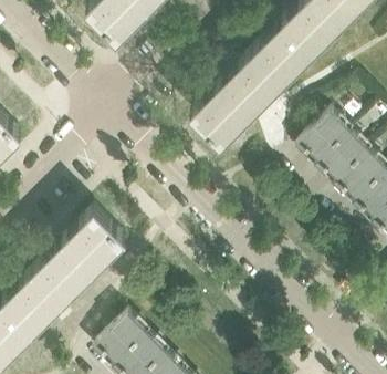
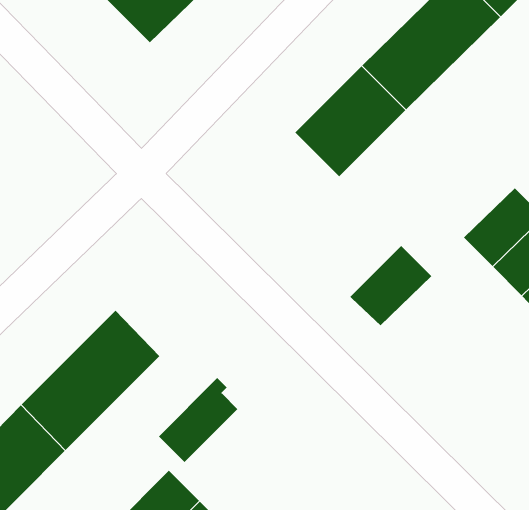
building: [196,96,242,143] -> none
building: [302,112,355,164] -> [349,245,432,326]
building: none -> [158,377,238,463]

